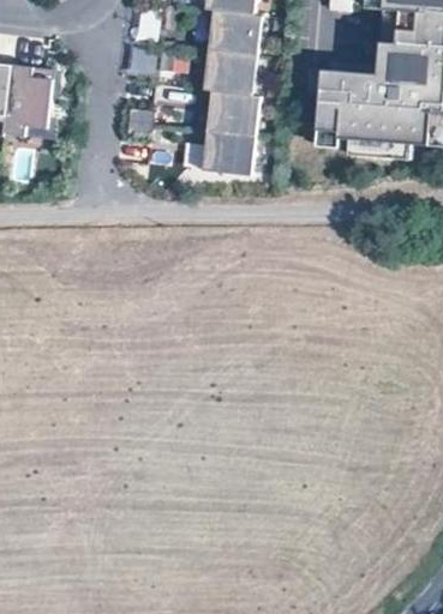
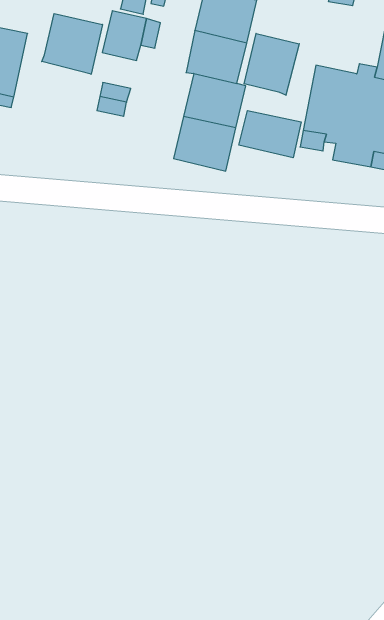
building: none -> [244,33,299,95]
building: none -> [42,14,102,74]
building: none -> [239,111,301,158]

